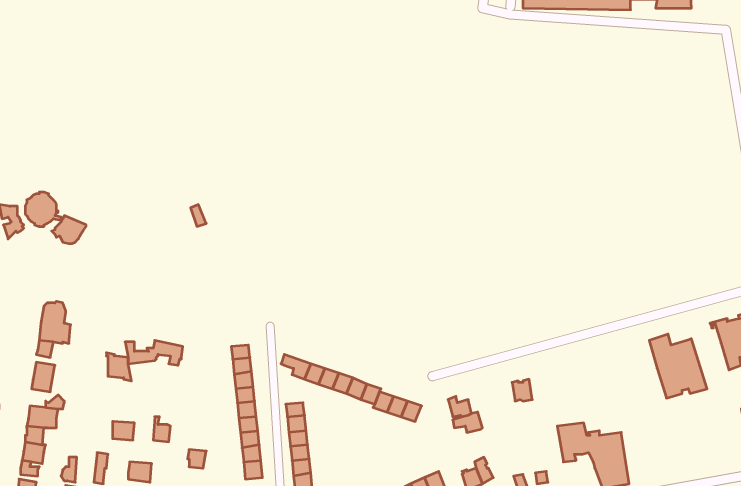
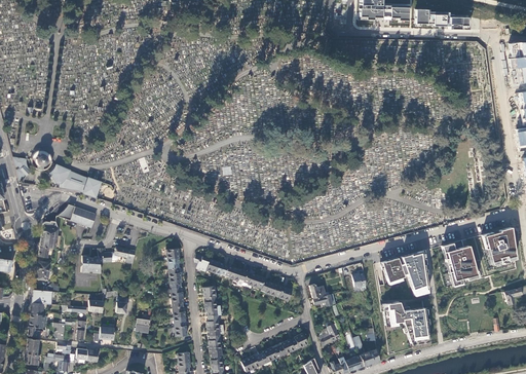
building: none -> [59,171,100,196]
building: none -> [58,204,95,227]
building: none -> [380,251,427,293]

